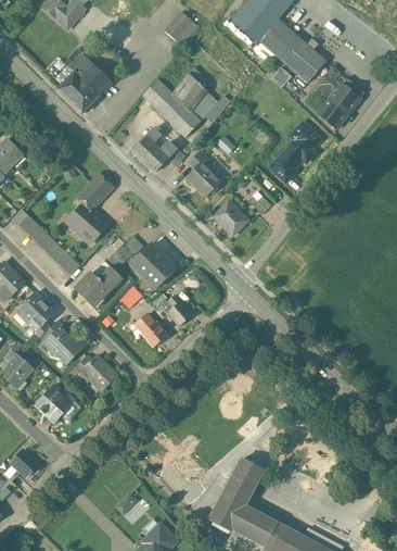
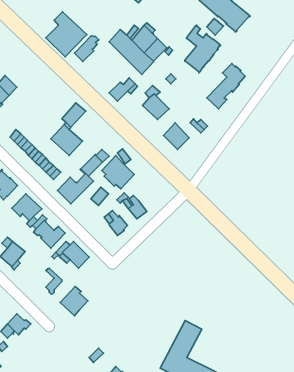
building: [318,66,364,128] -> [185,25,221,73]
building: [132,127,164,161] -> [75,36,99,62]
building: [36,384,72,422] -> [60,287,88,316]

